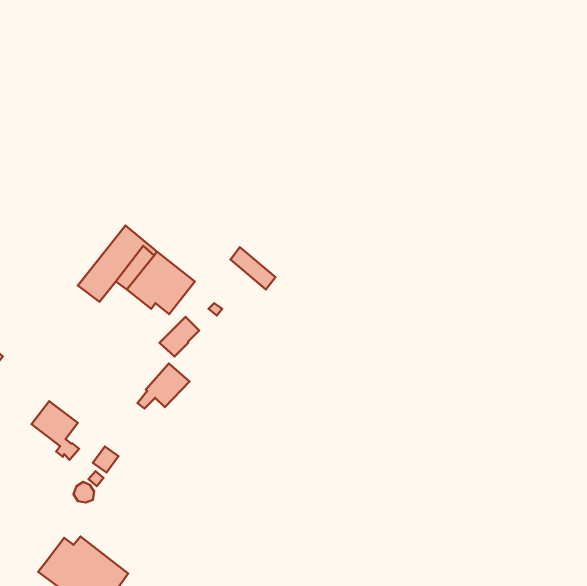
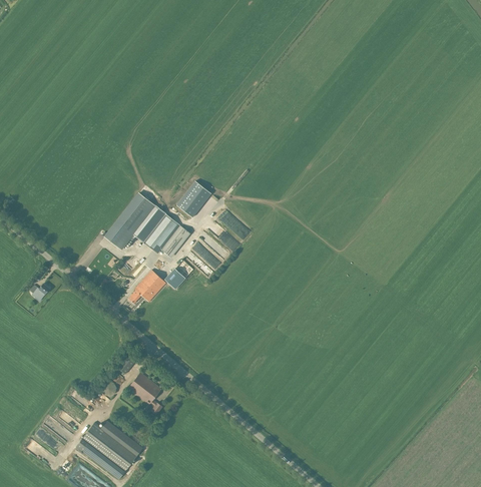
building: none -> [179,184,209,217]
building: [138,364,189,409] -> [129,270,167,303]
building: [31,401,79,460] -> [128,372,163,415]

